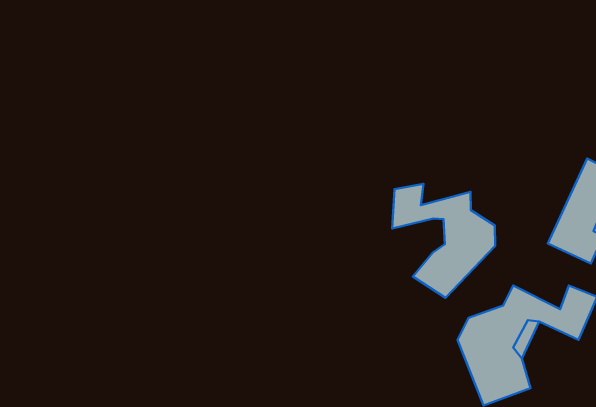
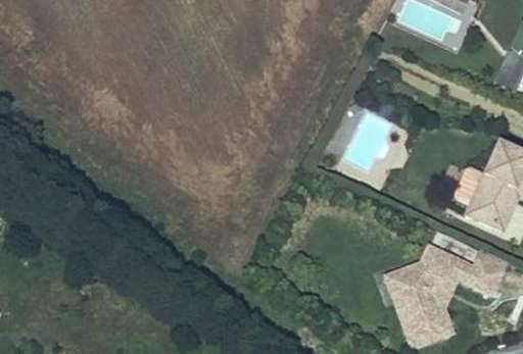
building: [392,184,495,298] -> none

